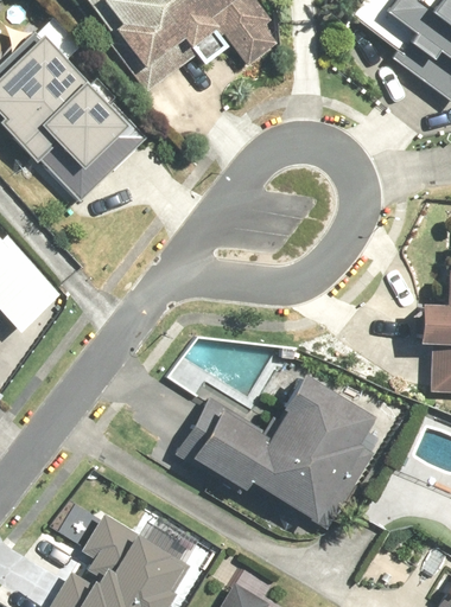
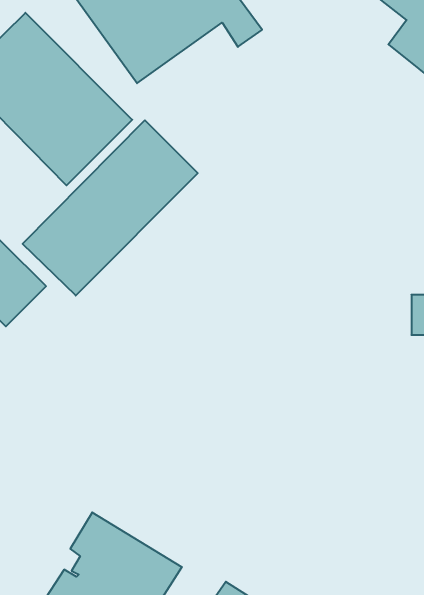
building: none -> [23,120,198,296]
building: [188,373,385,531] -> none

